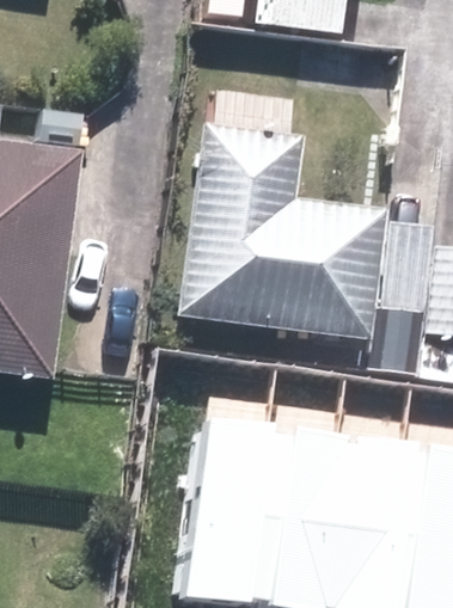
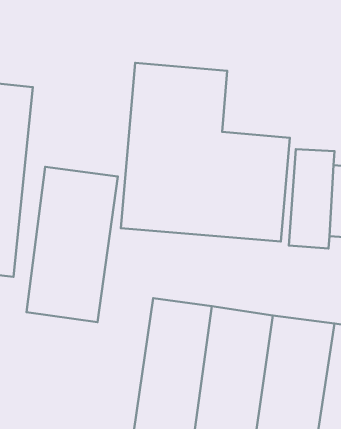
building: none -> [26,167,118,322]

